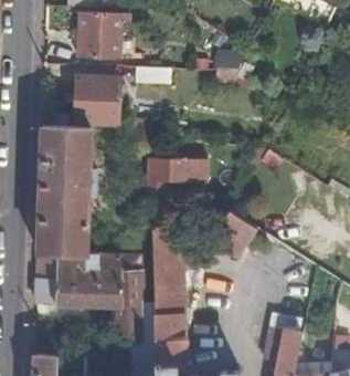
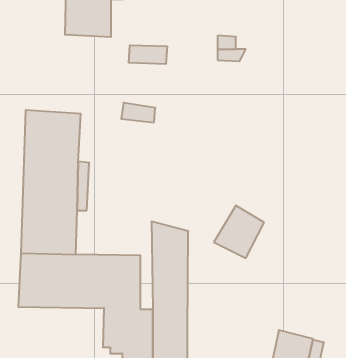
building: [74,77,117,123] -> none
building: [148,160,206,199] -> none

